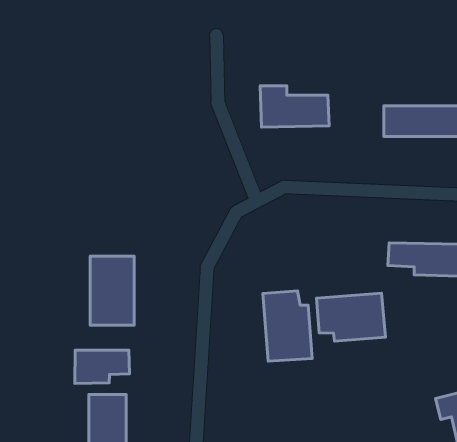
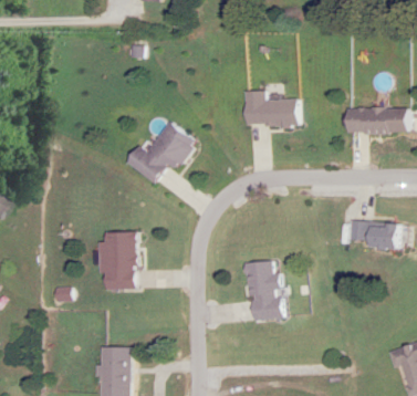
building: none -> [125,121,195,187]
building: [316,293,386,341] -> none
building: [75,350,130,383] -> none

